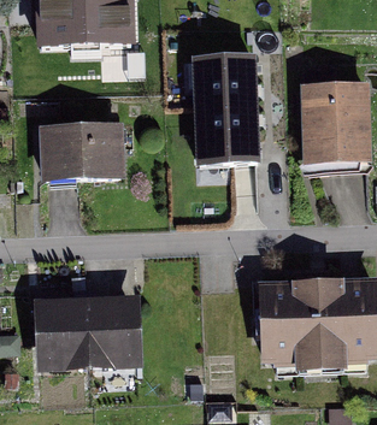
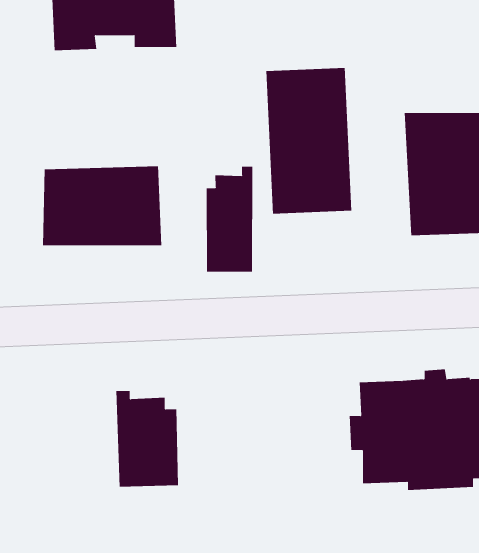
building: none -> [206,166,253,273]
building: [43,291,89,362] -> none

